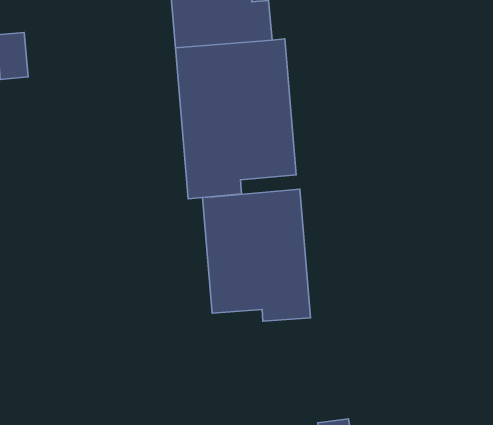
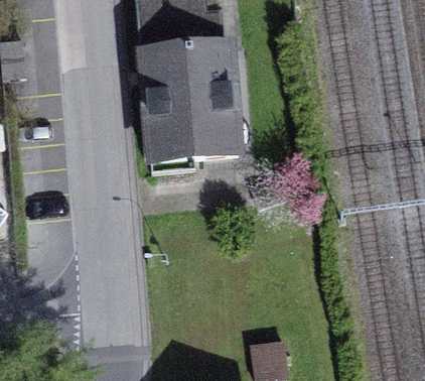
building: [202,189,311,321] -> none

